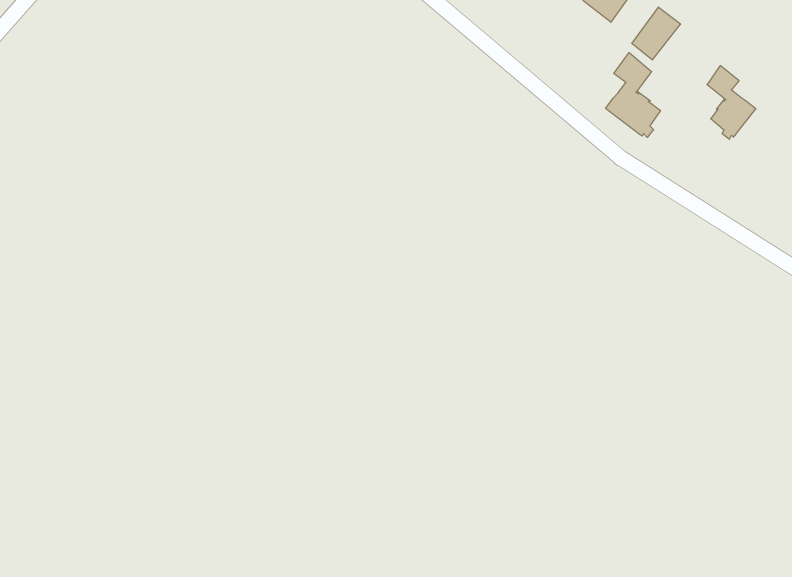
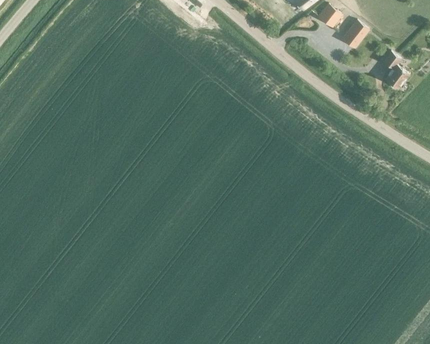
building: [606,53,660,137] -> none

